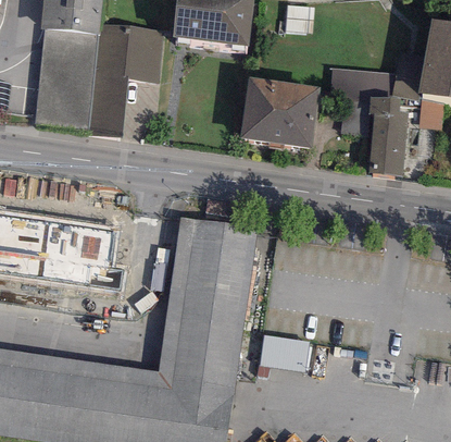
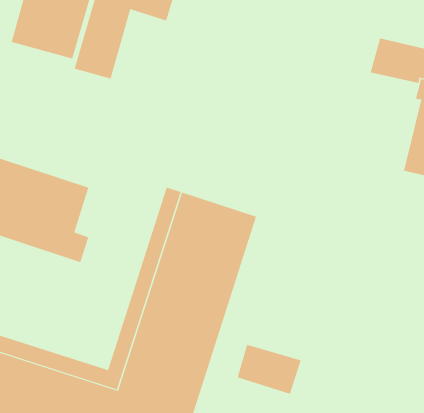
building: [240,75,321,147] -> none

